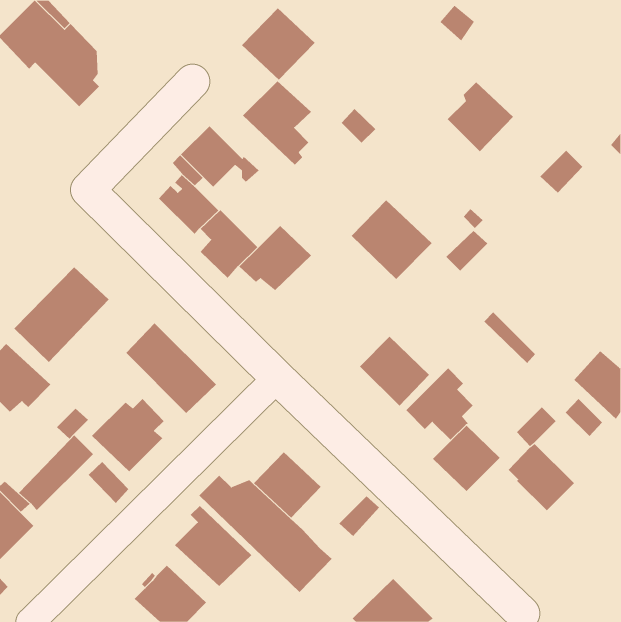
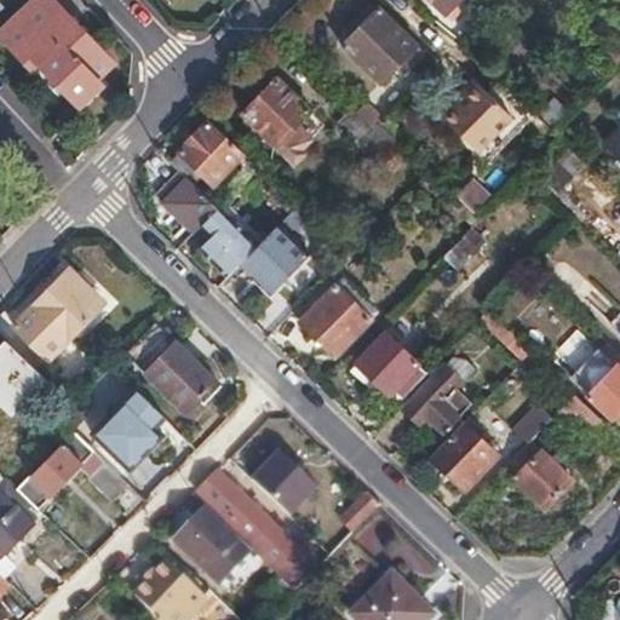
building: [241,7,316,80] -> [343,10,417,82]
building: [351,199,433,280] -> [292,277,373,357]

